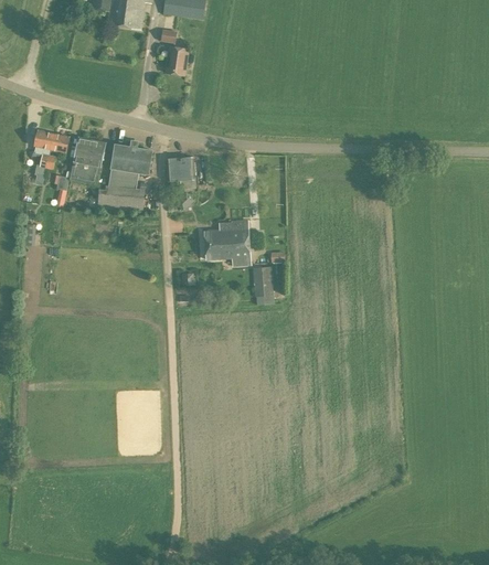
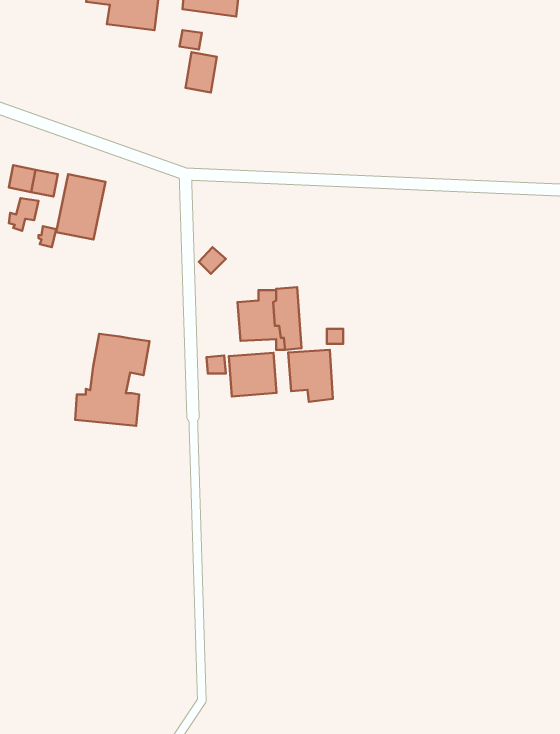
building: [97,143,152,212] -> [75,334,150,426]
building: [166,157,194,189] -> none
building: none -> [229,353,277,396]

